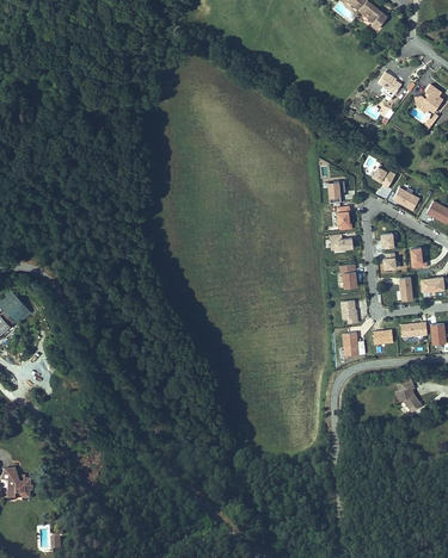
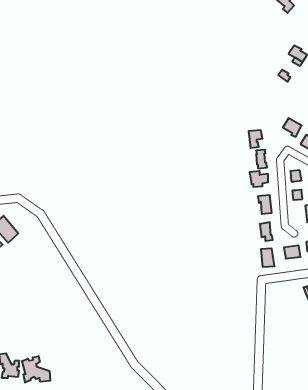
building: none -> [22,356,50,383]

